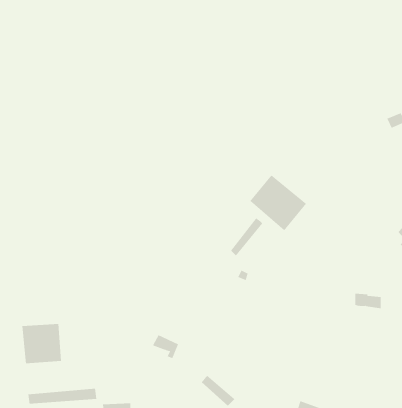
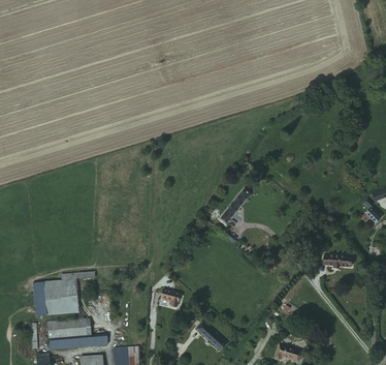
building: [249,175,307,231] -> none
building: none -> [46,320,85,337]

